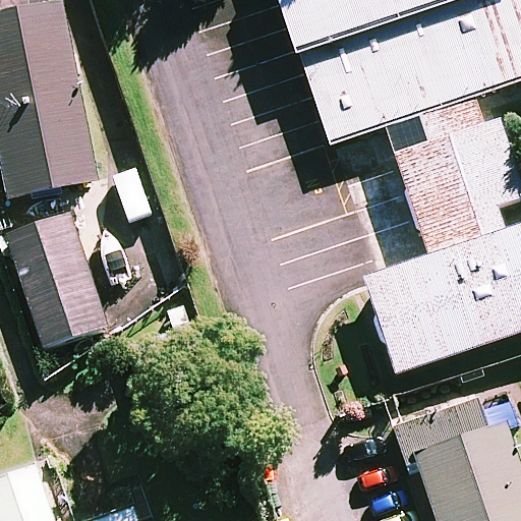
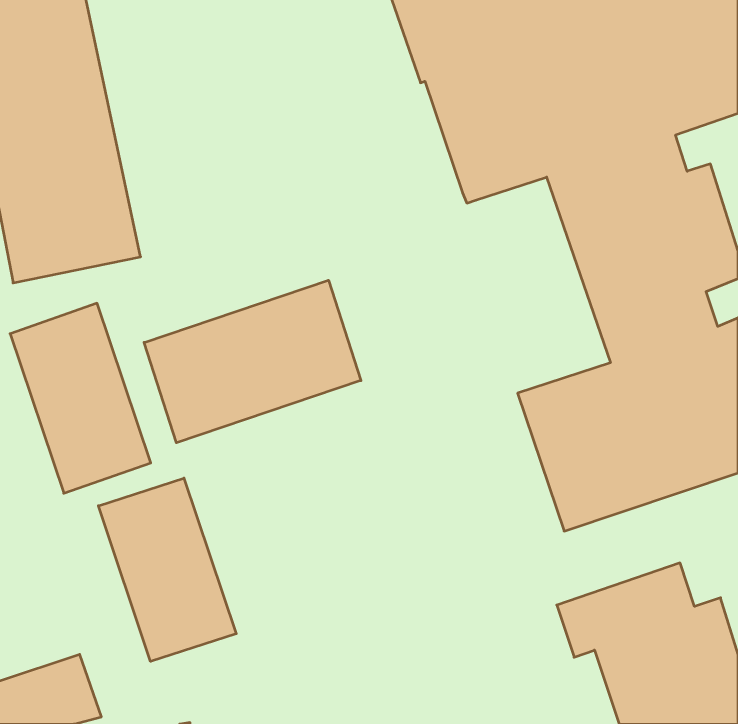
building: none -> [144,280,361,443]
building: none -> [98,478,236,661]

